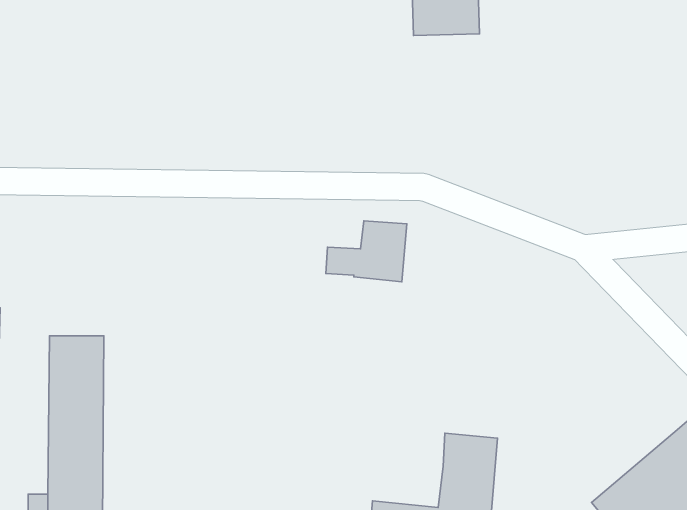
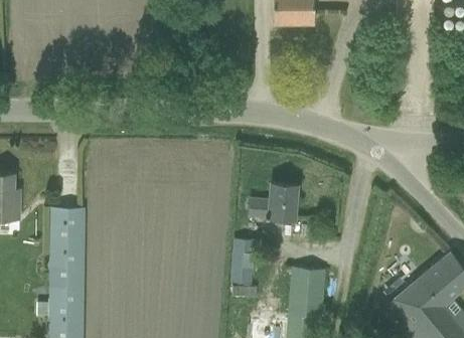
building: [326,221,407,282] -> [249,183,298,220]
building: none -> [231,238,255,281]

